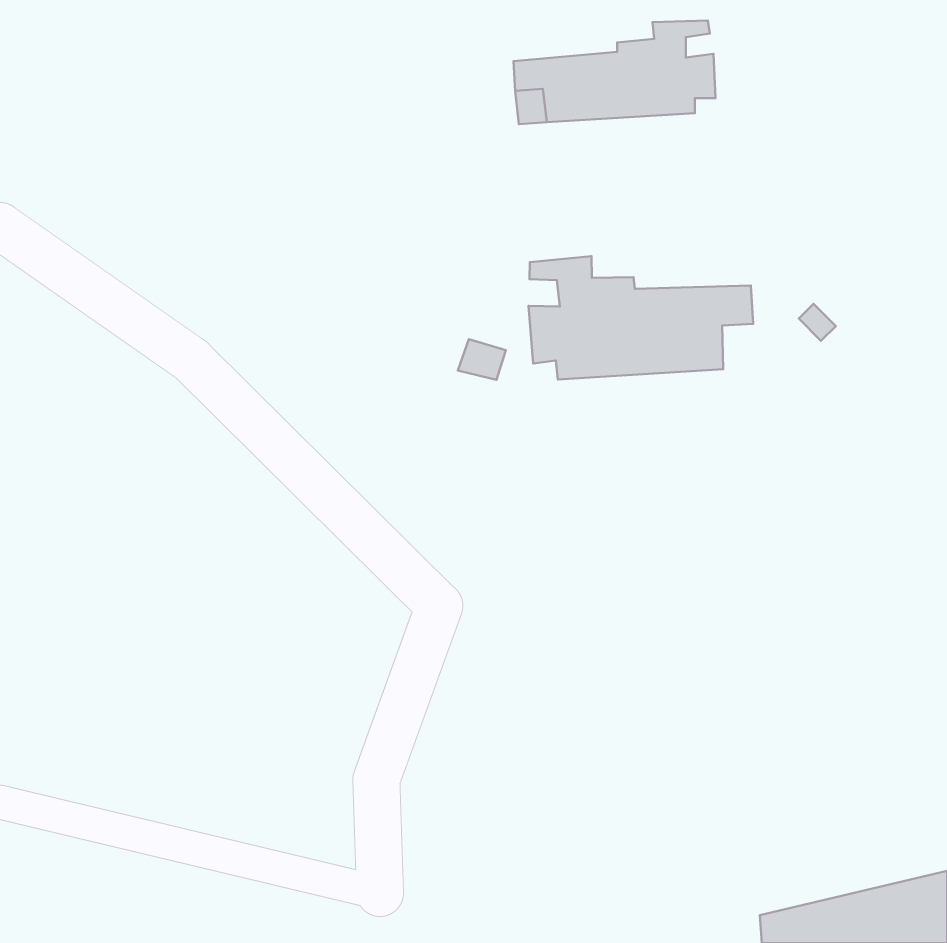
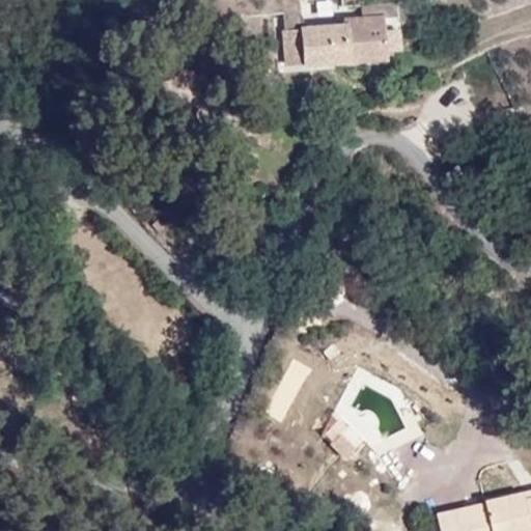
building: [529,256,753,379] -> none

